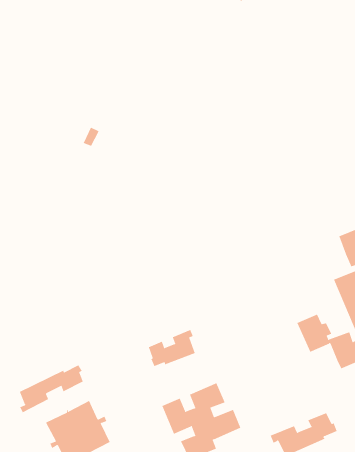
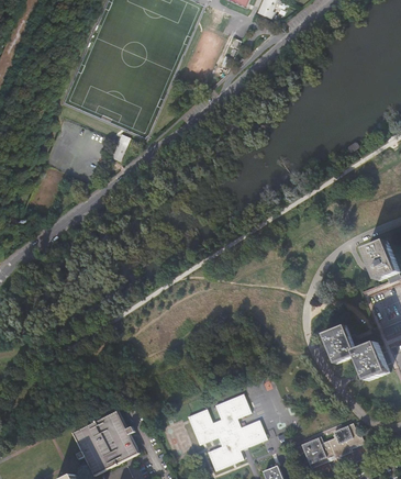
building: [148,329,196,367] -> none
building: [19,364,84,413] -> none

